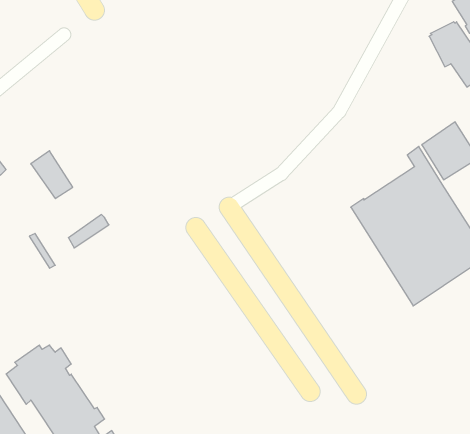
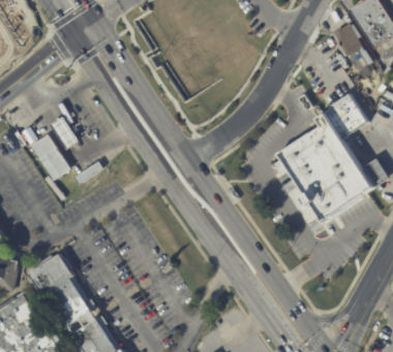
building: none -> [31,135,68,174]

